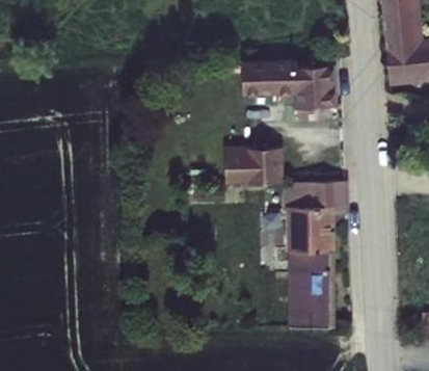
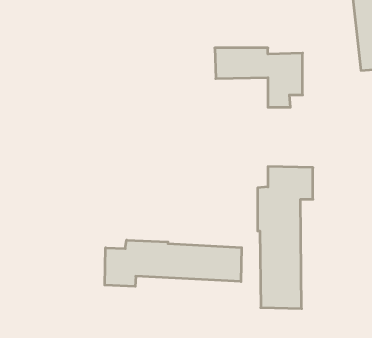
building: [224,144,284,186] -> none
building: none -> [105,240,242,286]

